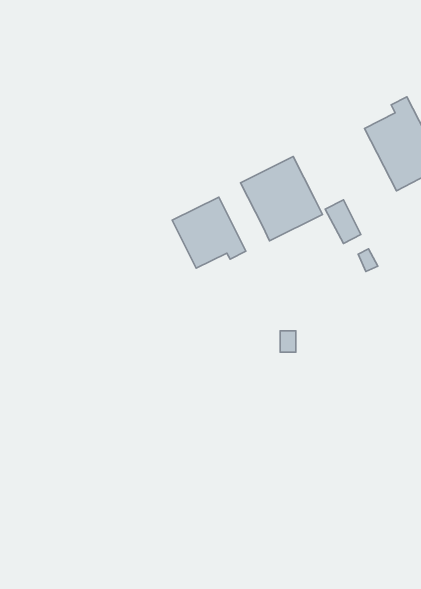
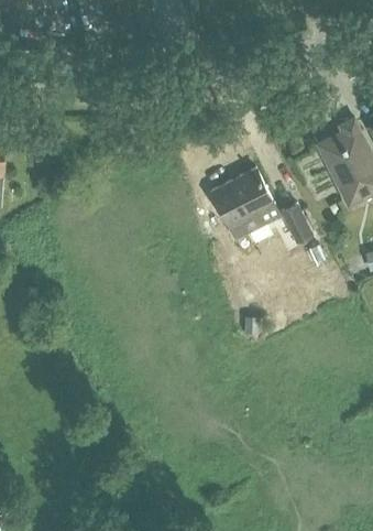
building: [172,197,246,268] -> none

